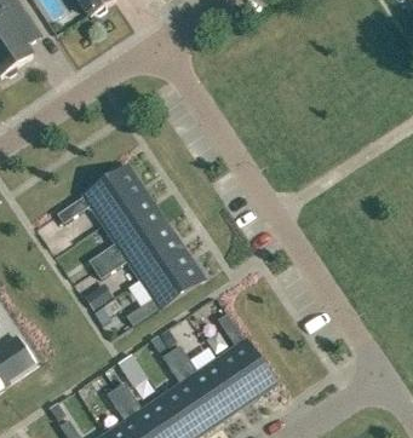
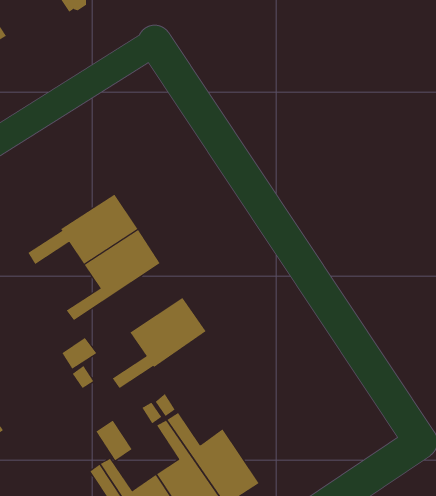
building: [94,221,184,278] -> none
building: [217,311,276,402] -> none

